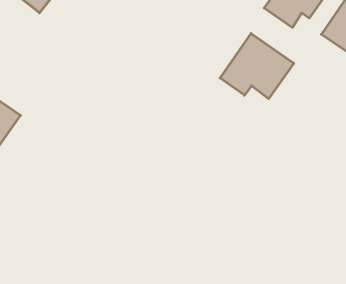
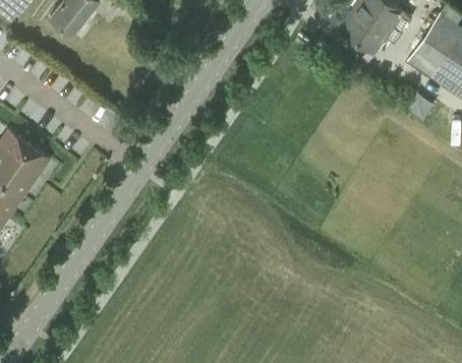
building: [220,33,294,99] -> none

